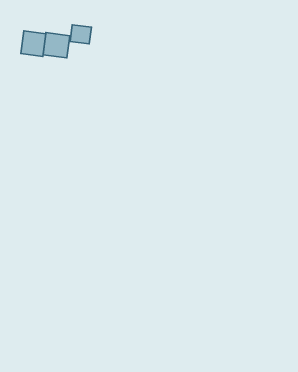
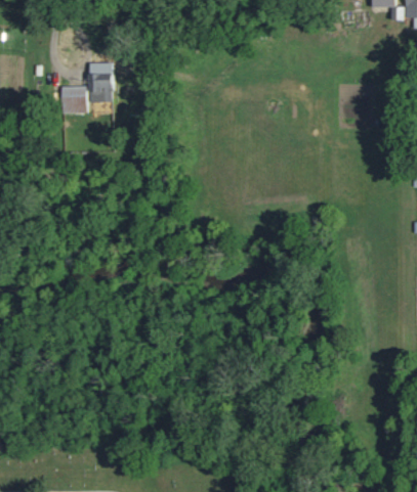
building: [21,31,46,56] -> none

